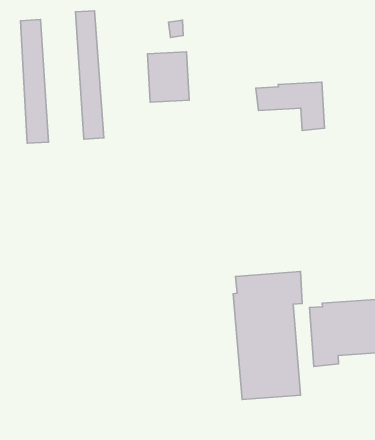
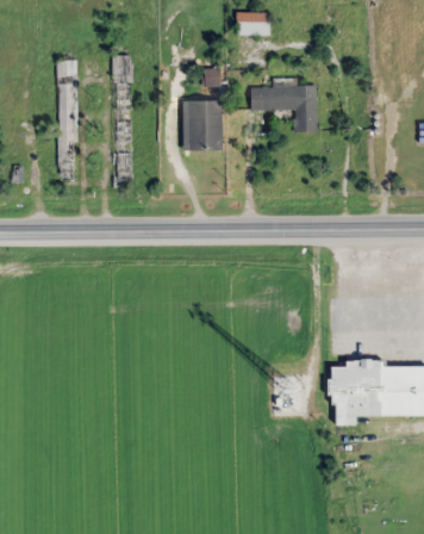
building: [256,82,324,130] -> [250,85,317,132]
building: [233,271,302,400] -> none

